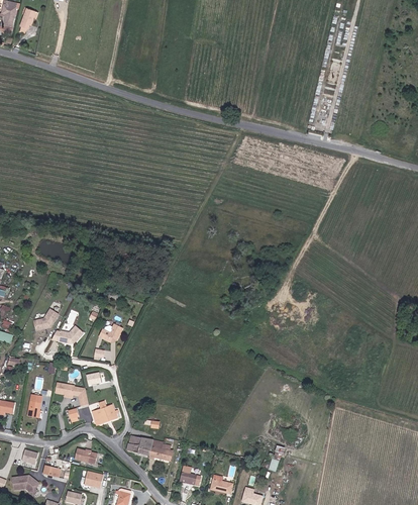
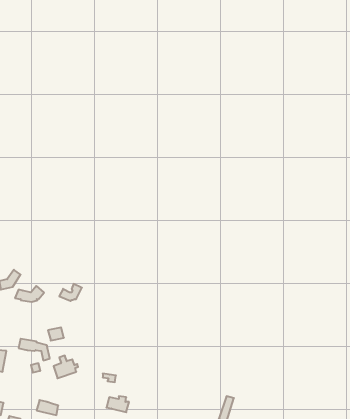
building: [126,434,152,456] -> none

